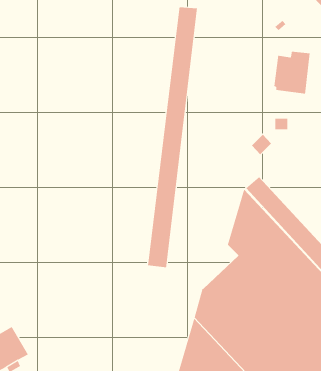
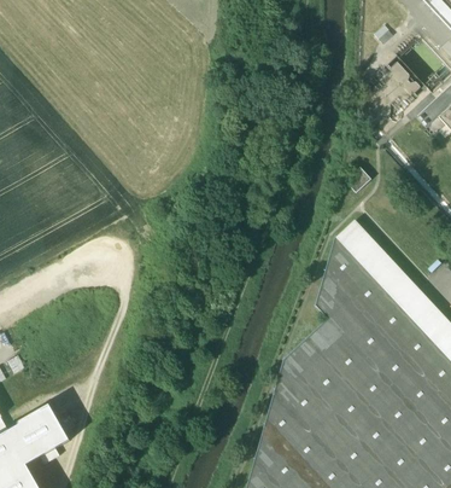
building: [148,6,197,268] -> none

